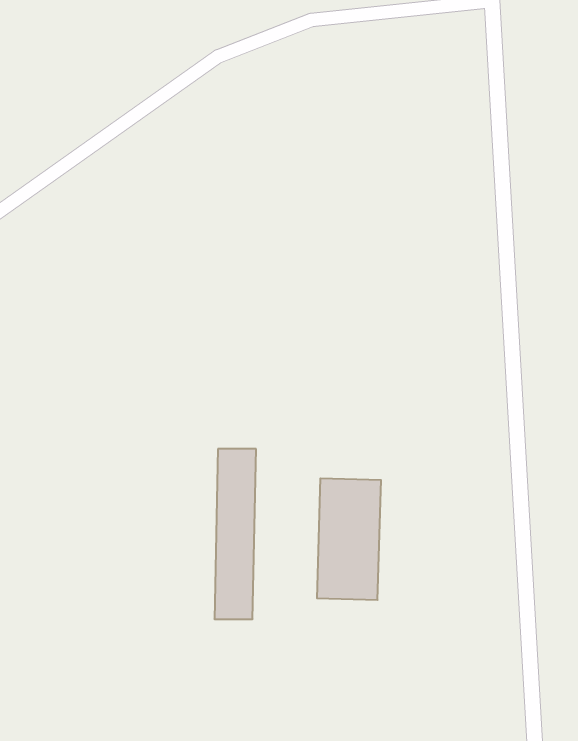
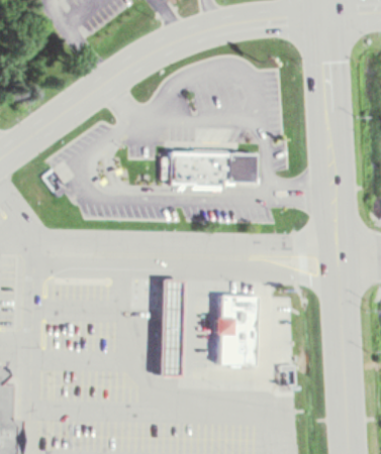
building: none -> [168,149,252,186]

